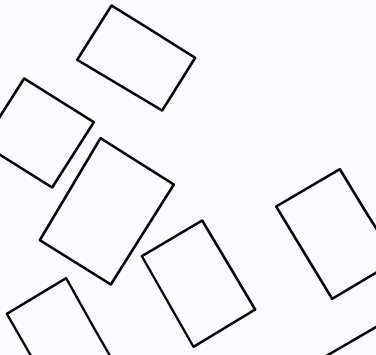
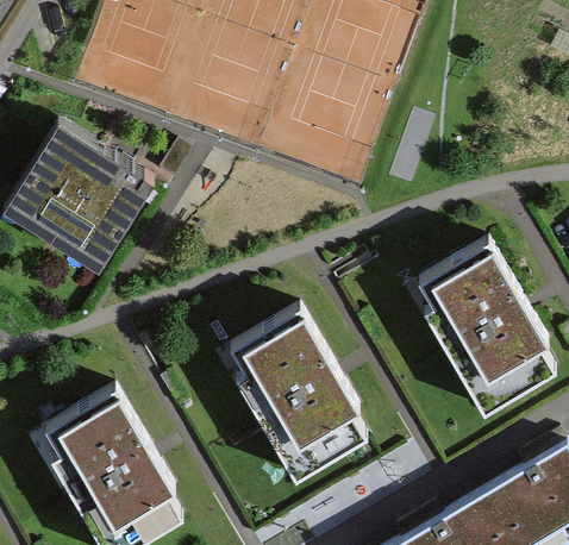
building: [77,5,195,110] -> none
building: [40,138,174,284] -> none

